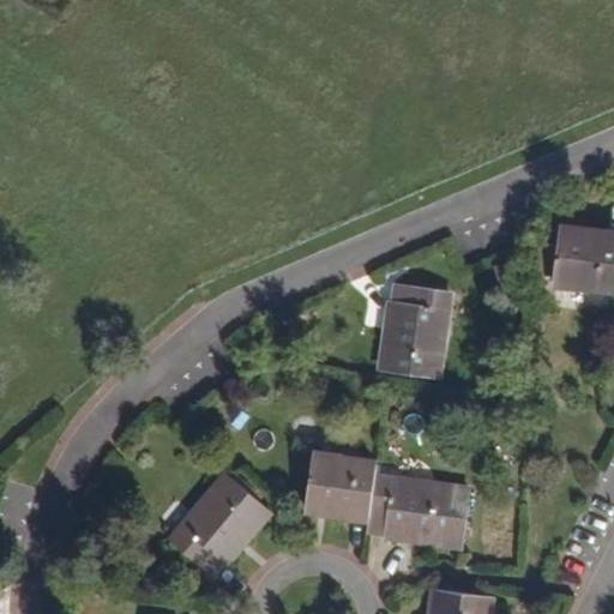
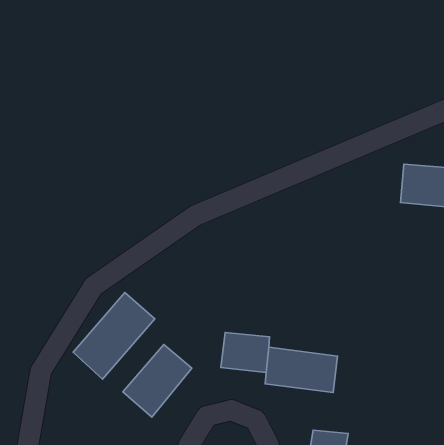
building: [383,284,446,375] -> none
building: none -> [73,293,155,379]

